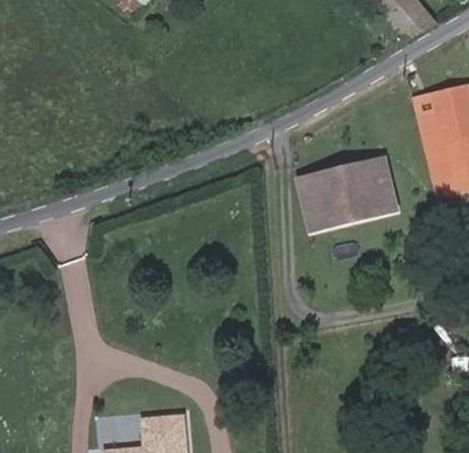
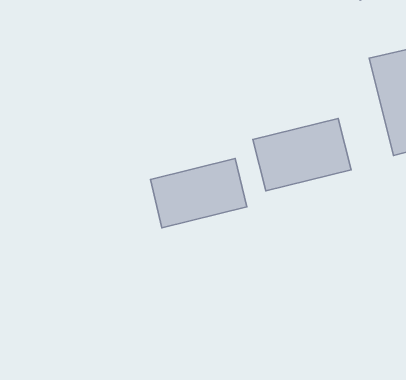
building: none -> [150,159,247,228]

